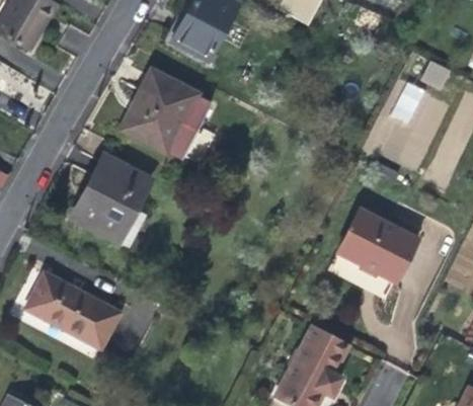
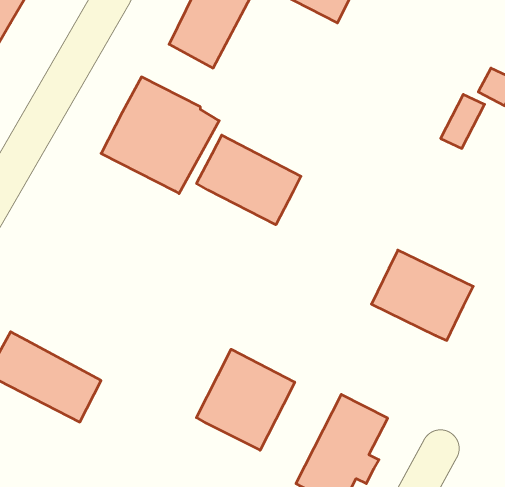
building: none -> [197,135,301,225]
building: [69,155,150,242] -> none
building: none -> [196,349,295,450]

